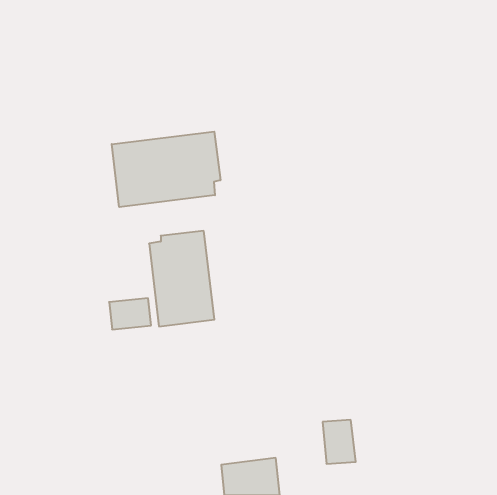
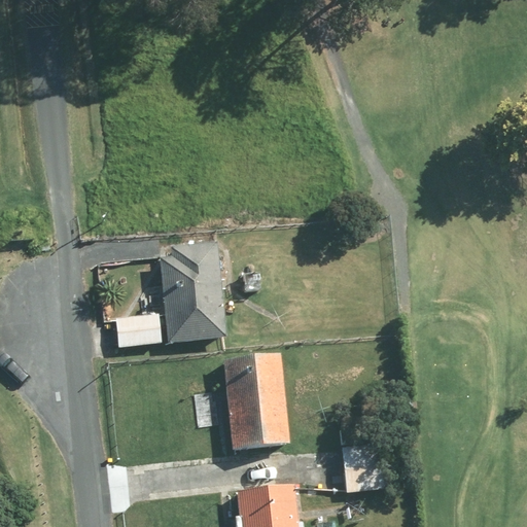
building: [112,132,220,207] -> none
building: none -> [221,353,288,448]

